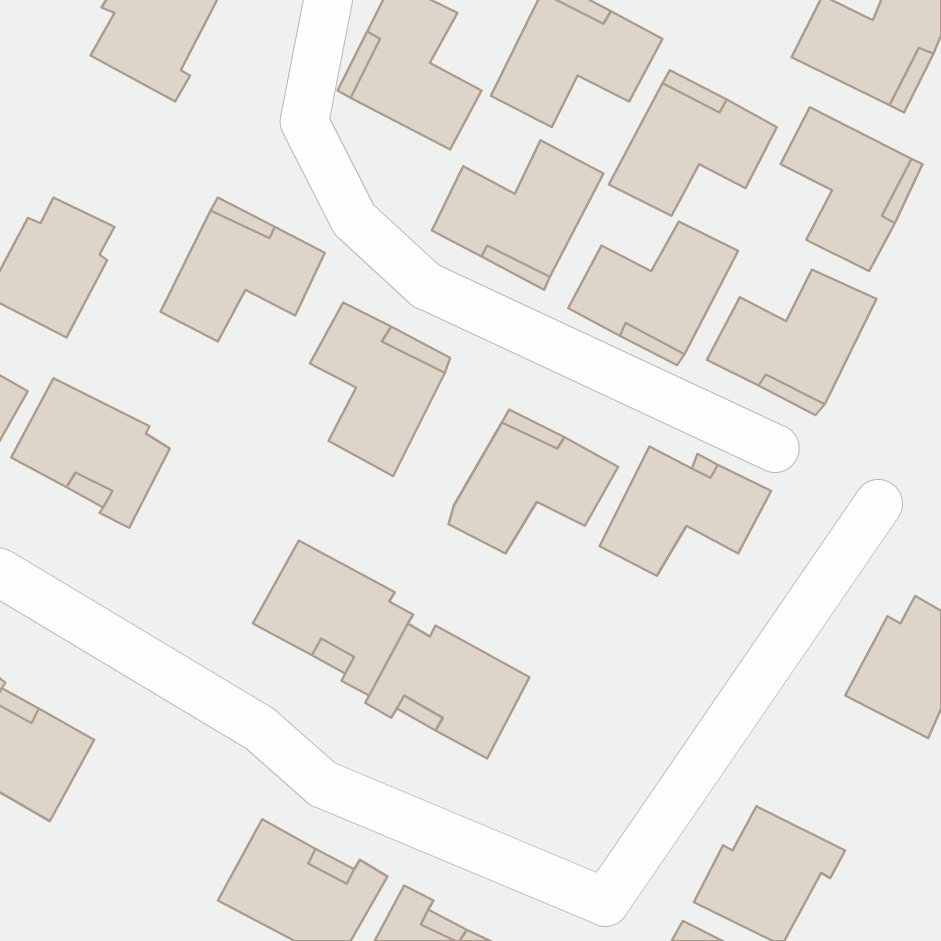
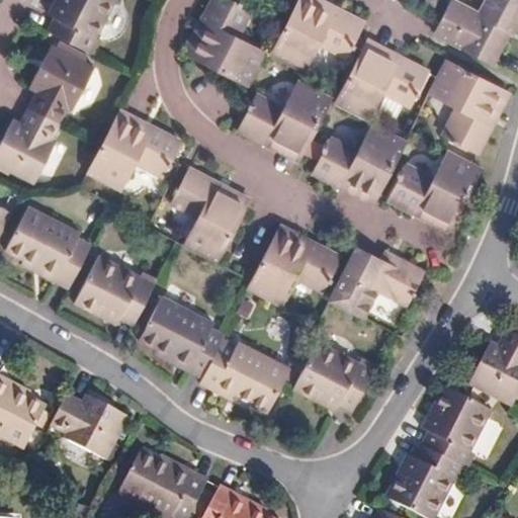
building: none -> [29,47,97,124]
building: none -> [74,257,158,327]
building: none -> [294,344,377,415]
building: none -> [417,382,488,466]
building: none -> [54,393,132,460]

